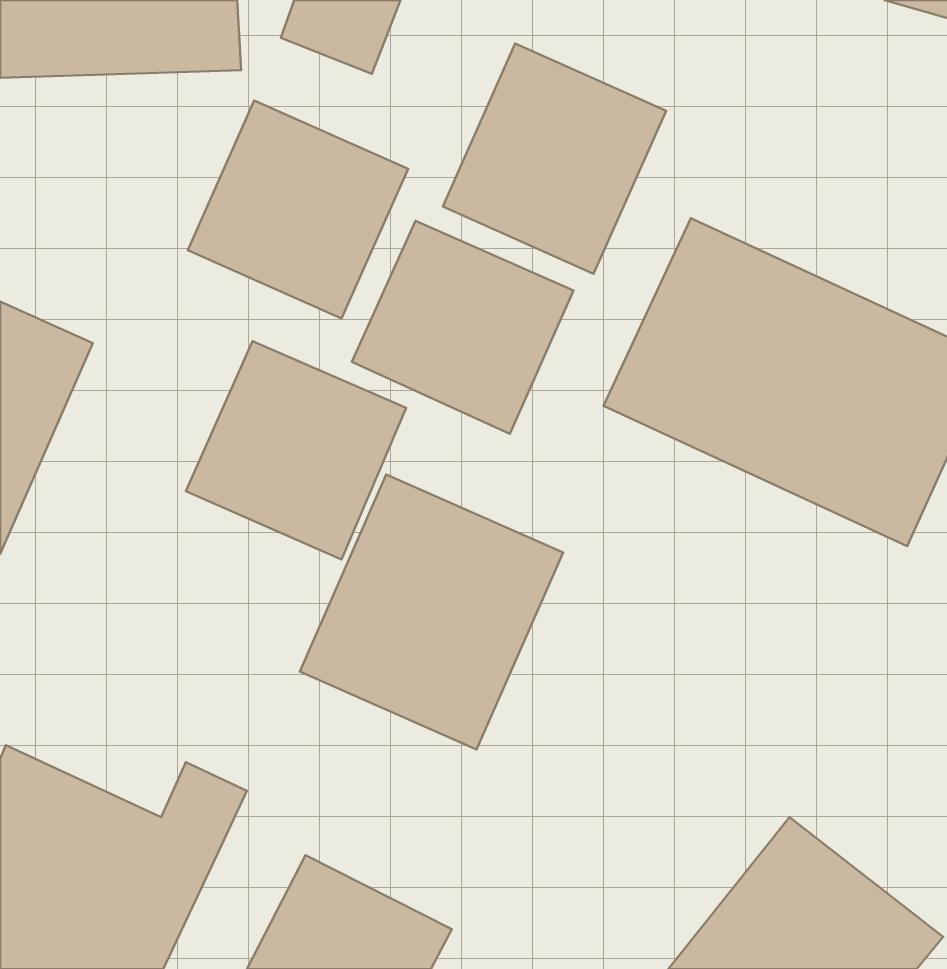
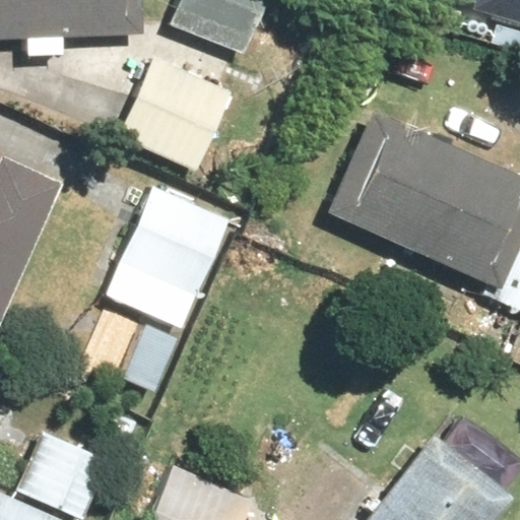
building: [443,43,666,274] -> none
building: [352,221,573,434] -> none
building: [300,475,563,749] -> none

